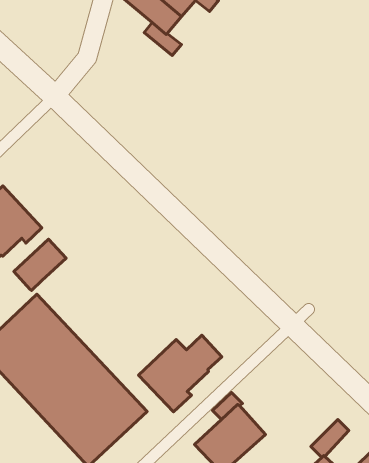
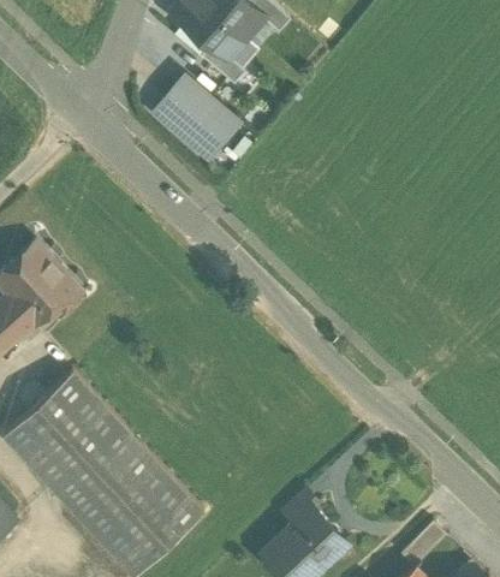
building: none -> [154,78,238,159]
building: [14,239,66,291] -> none
building: [138,335,222,412] -> none

